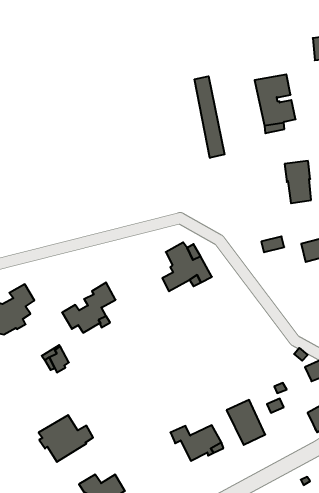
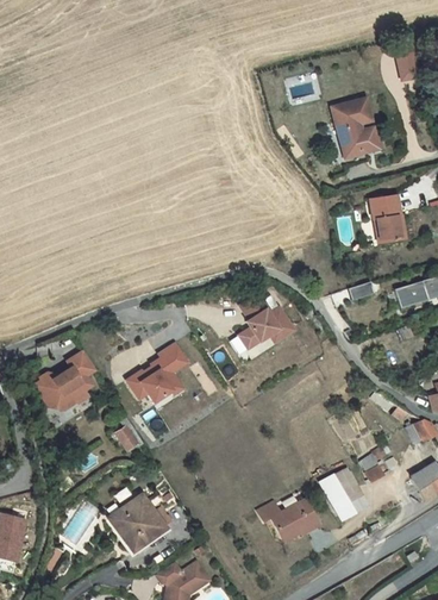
building: [195,76,225,158] -> none

